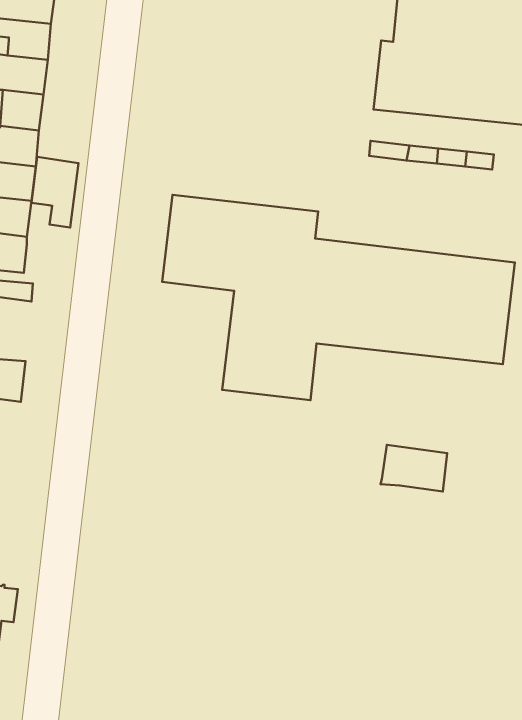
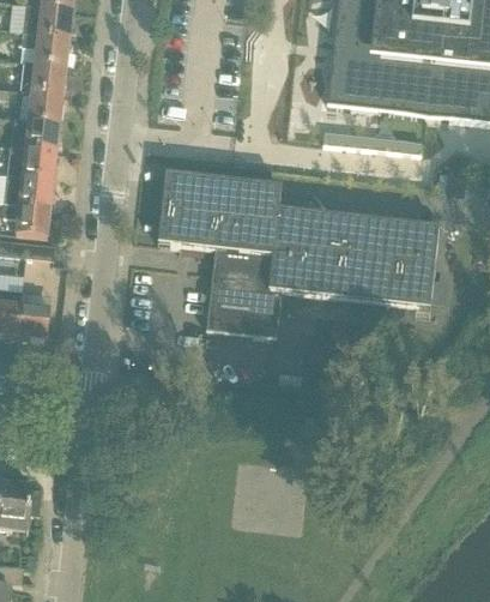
building: [31,157,78,228] -> none
building: [381,445,447,491] -> none

